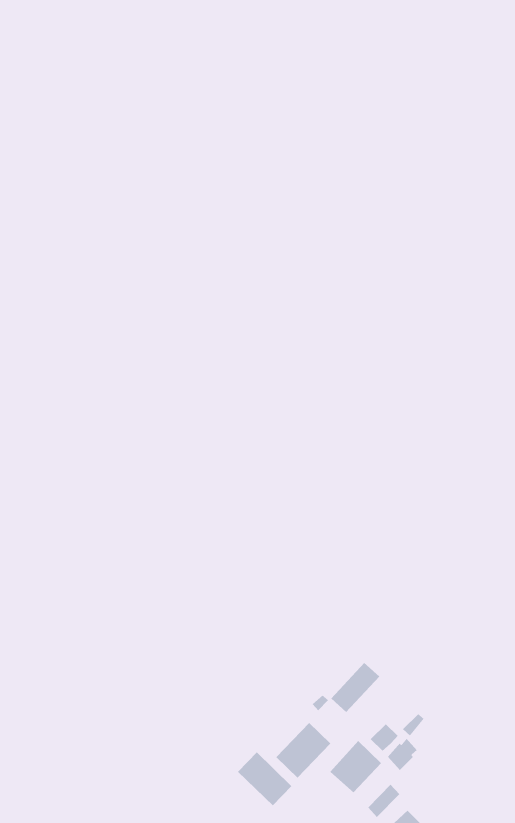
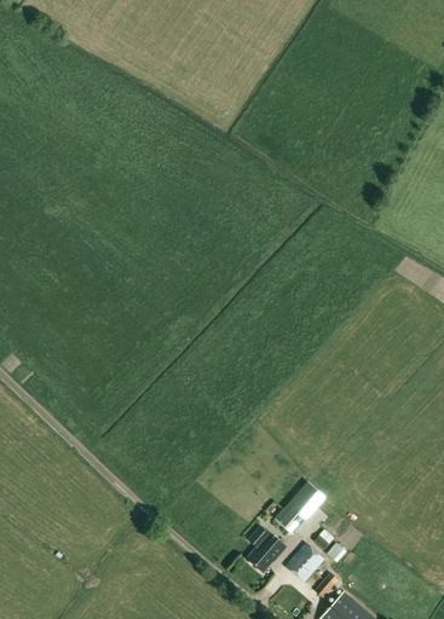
building: [237,752,292,806] -> none

